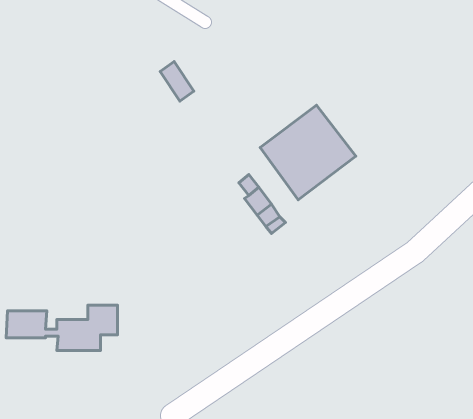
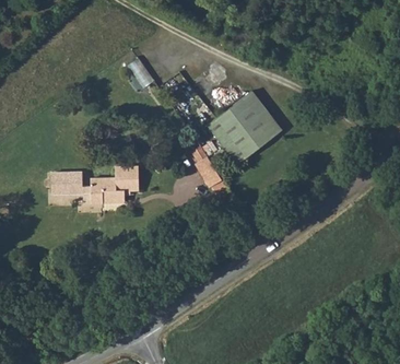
building: [6,305,117,350] -> [51,167,138,202]

